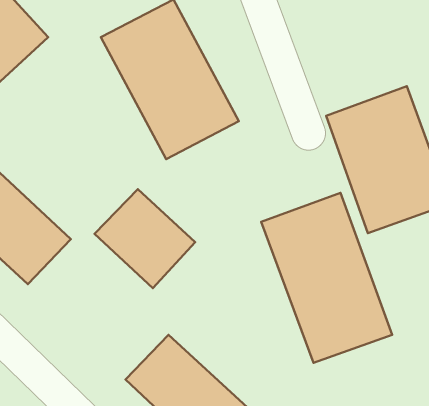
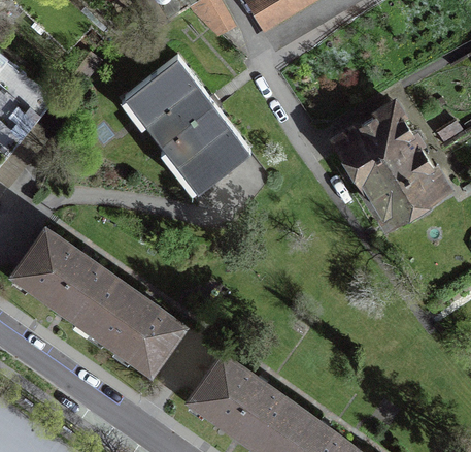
building: [95,189,195,288] -> [88,282,177,367]
building: [261,193,392,363] -> none

